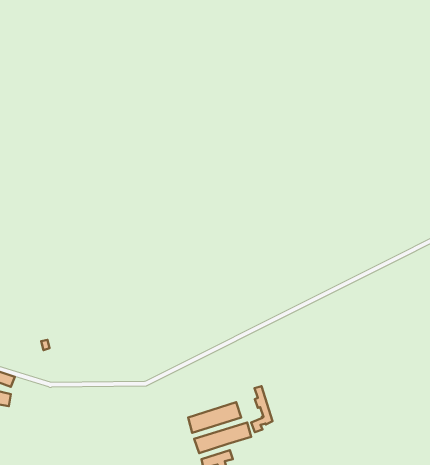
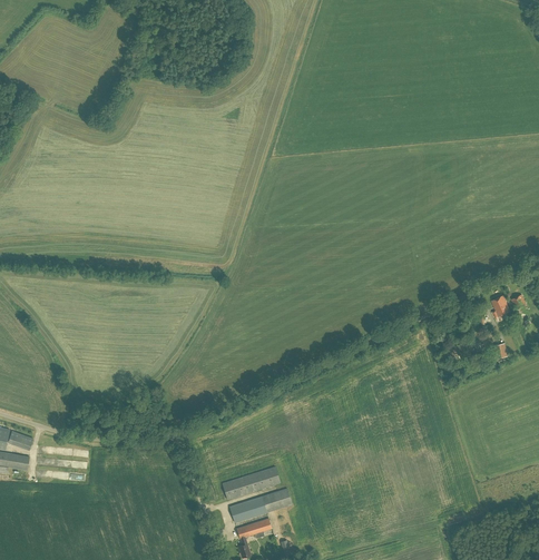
building: [251,386,272,432] -> none

